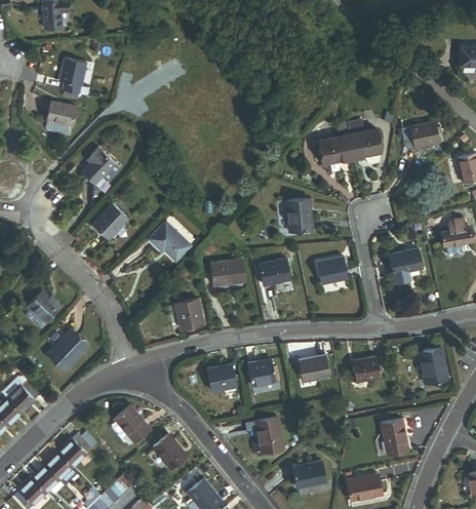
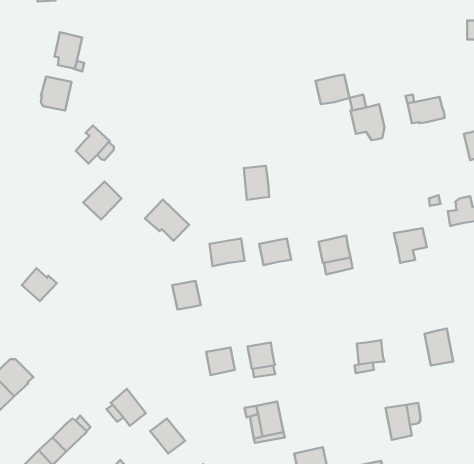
building: [319,134,352,163] -> [315,75,349,104]
building: [286,199,311,232] -> [244,166,269,200]
building: [48,325,89,367] -> none
building: [298,355,329,388] -> none

